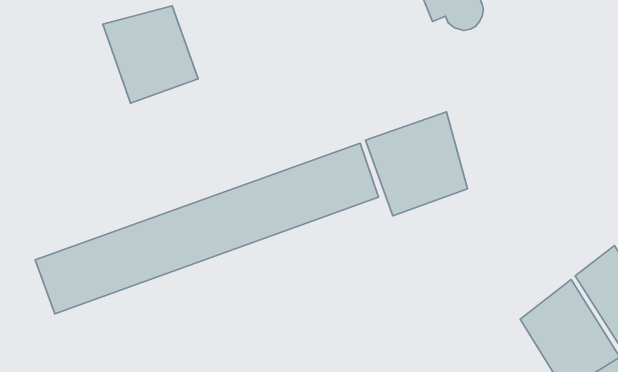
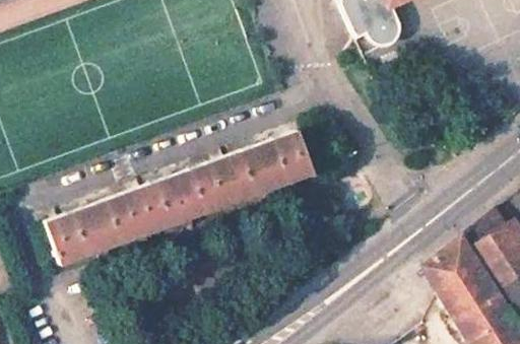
building: [103,6,198,103] -> none
building: [366,112,468,216] -> none

